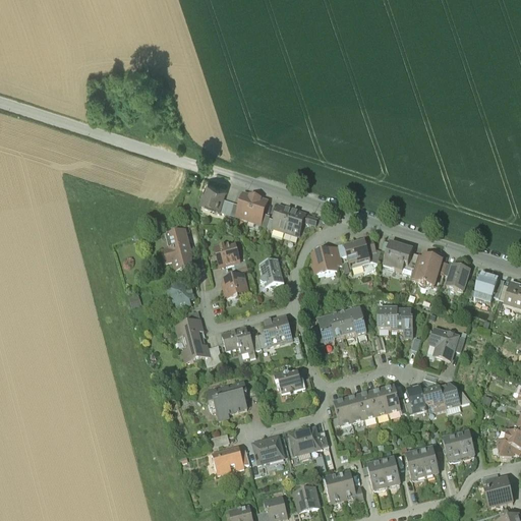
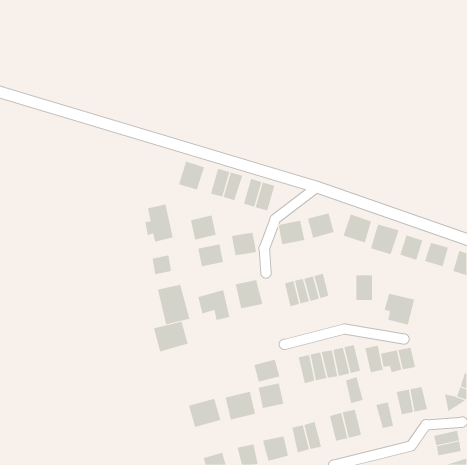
building: [377,306,396,335] -> none
building: [275,368,304,394] -> [254,359,280,382]
building: [211,382,250,416] -> [153,321,189,352]
building: [405,451,425,481] -> [345,376,363,404]

